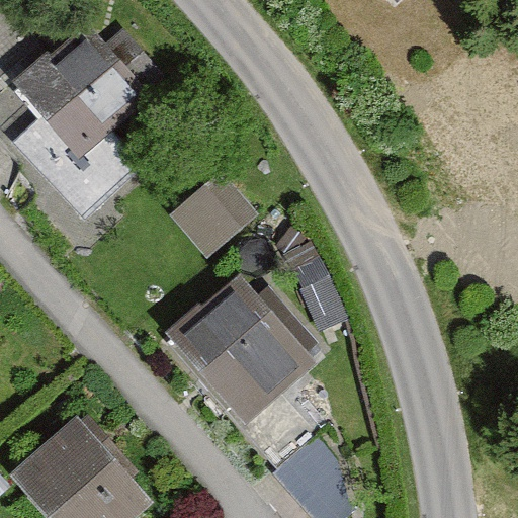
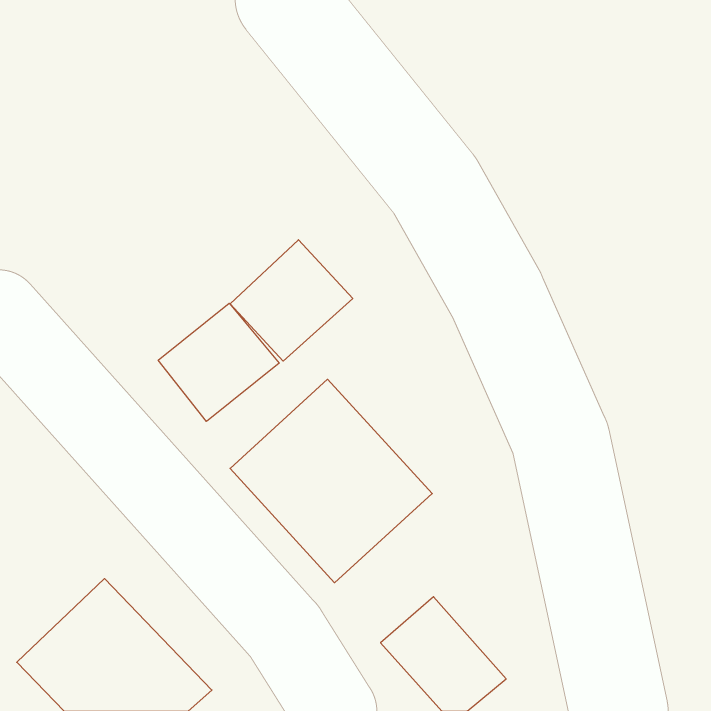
building: [15,26,167,215] -> none
building: none -> [158,303,279,421]

